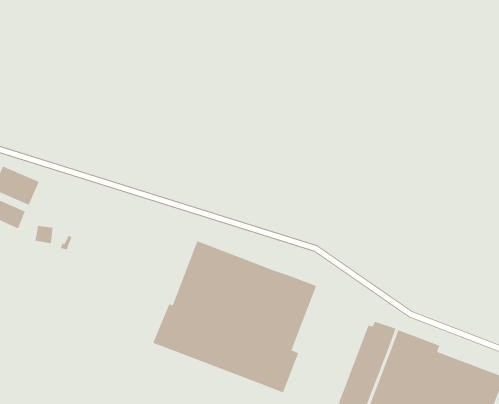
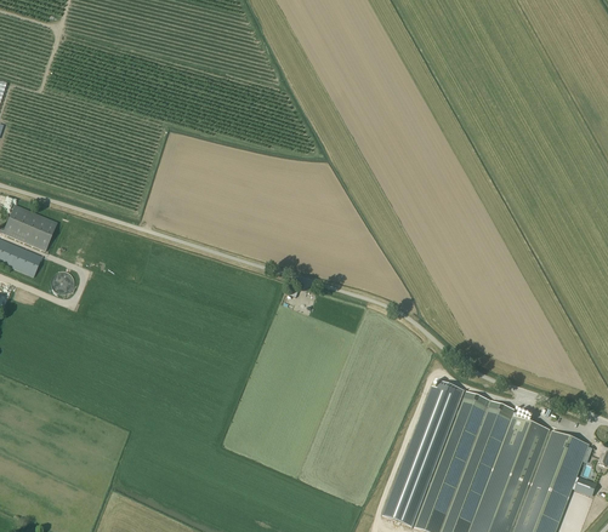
building: [152,240,317,393] -> none

